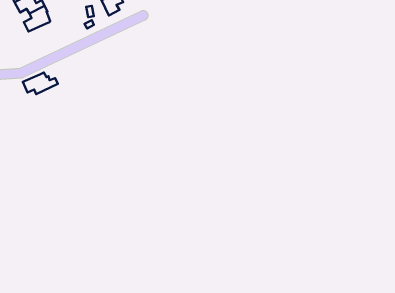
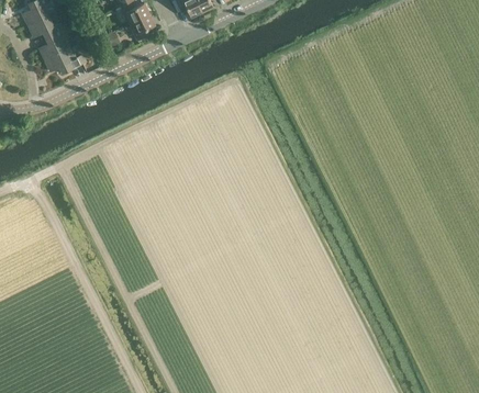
building: [23,72,58,94] -> [45,48,86,74]

